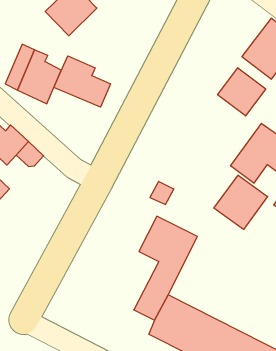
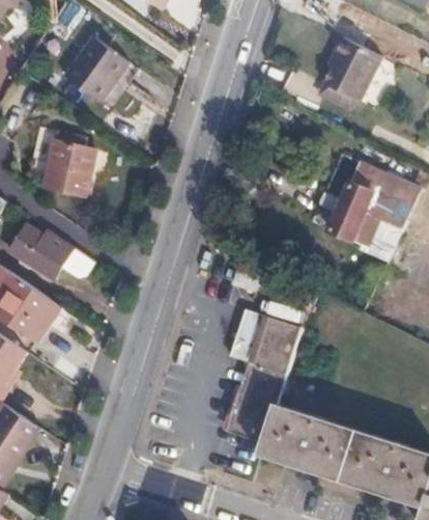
building: [54,56,110,107] -> none
building: [218,68,266,116] -> none
building: [214,175,268,229] -> none

